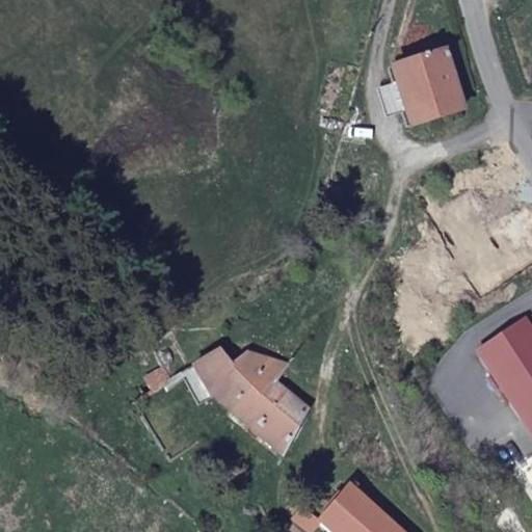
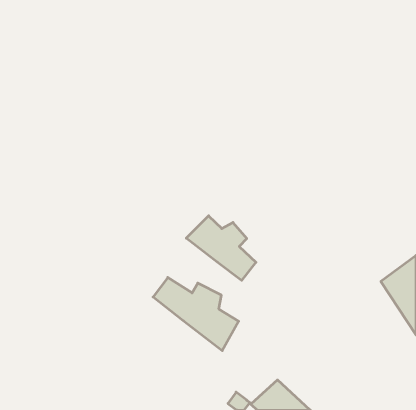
building: [390,51,454,123] -> none
building: none -> [186,216,256,280]

